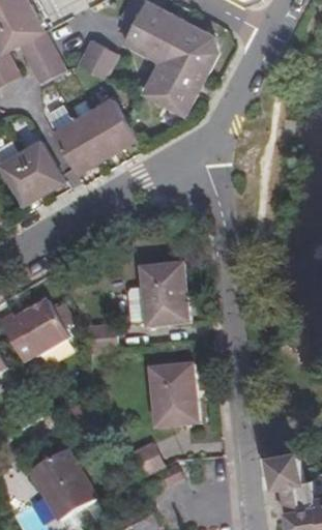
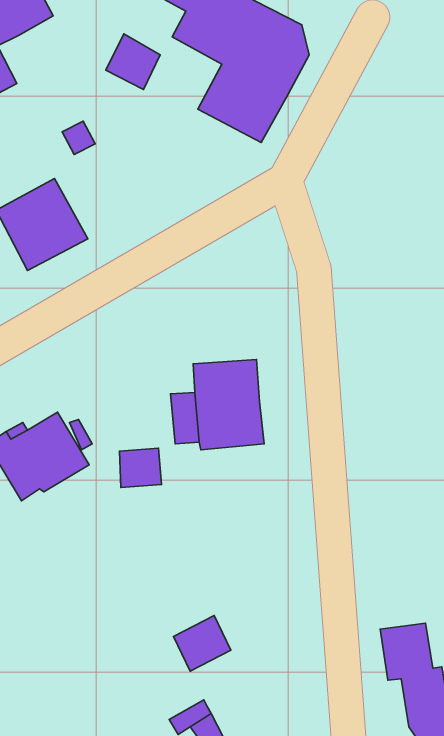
building: [19,29,63,82] -> none
building: [57,100,139,175] -> none
building: [152,362,200,425] -> none
building: [29,447,95,518] -> none

